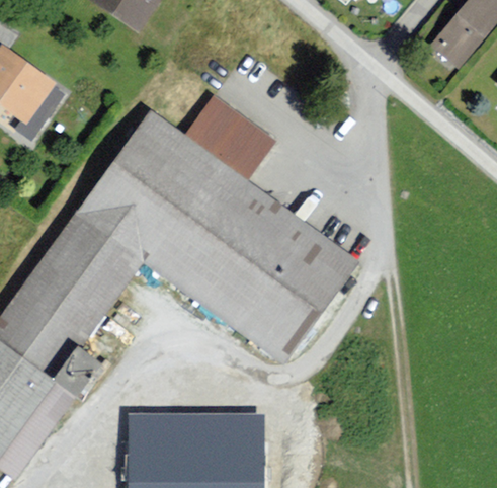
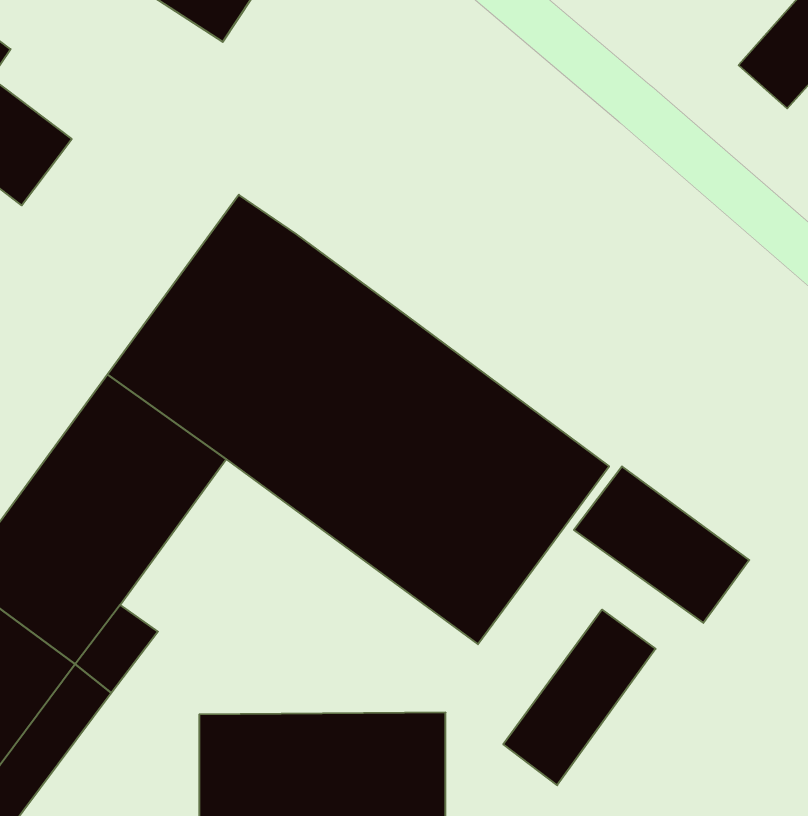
building: [181,95,274,183] -> none
building: none -> [574,466,749,623]
building: none -> [503,610,656,785]

